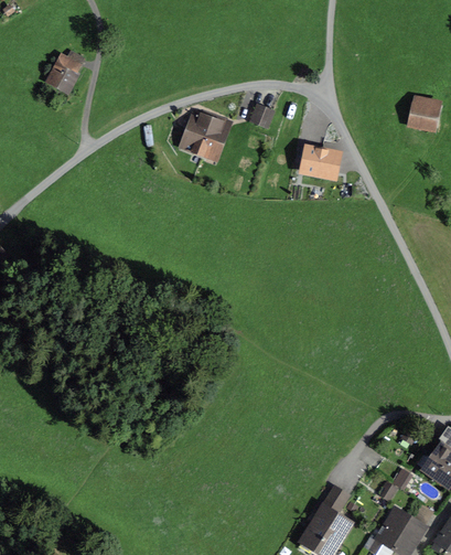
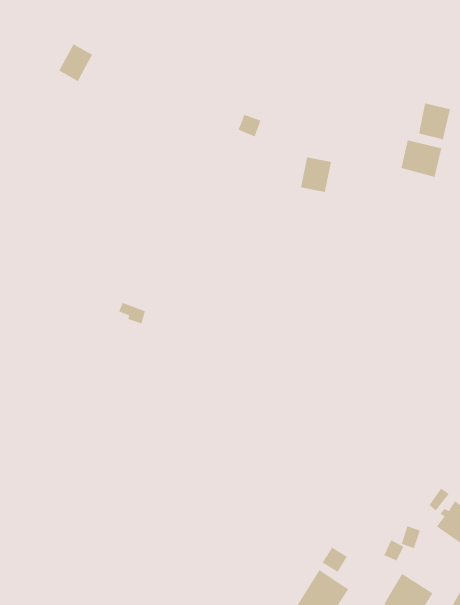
building: [49,55,79,89] -> [58,43,93,82]
building: [182,113,226,157] -> none
building: none -> [400,139,442,178]

